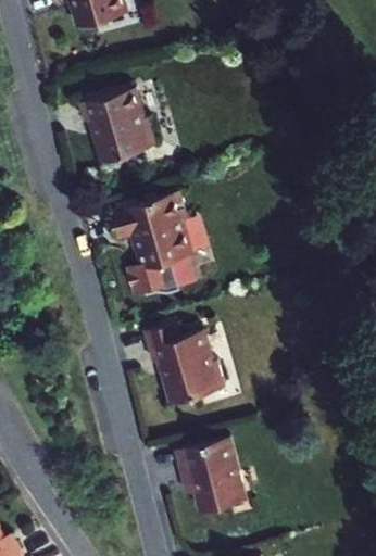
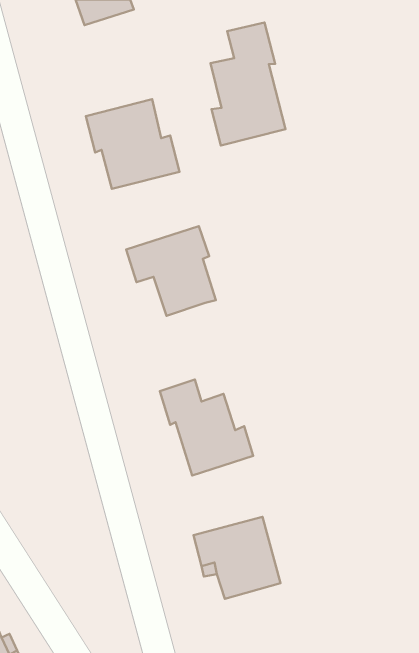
building: none -> [211,23,285,145]
building: [136,258,190,298] -> none

